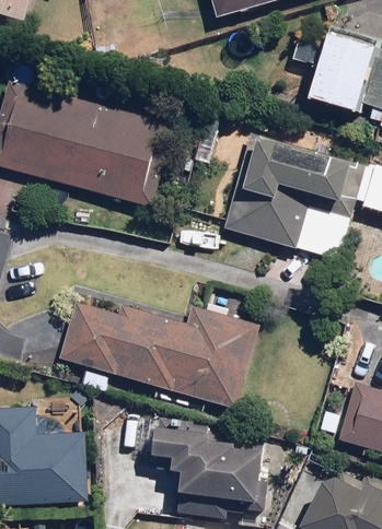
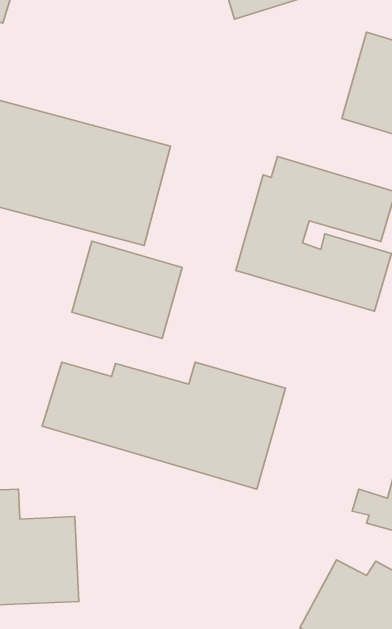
building: none -> [72,241,182,338]
building: [153,426,262,518] -> none

